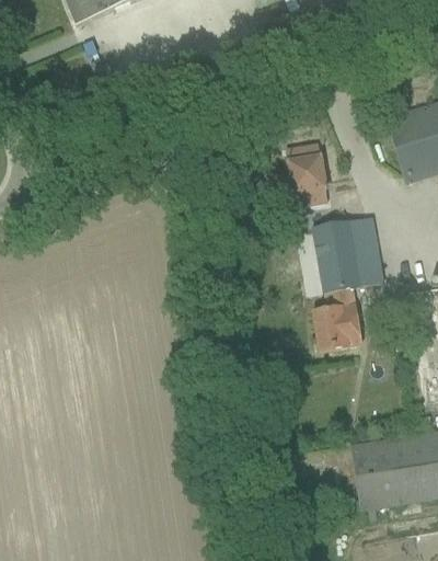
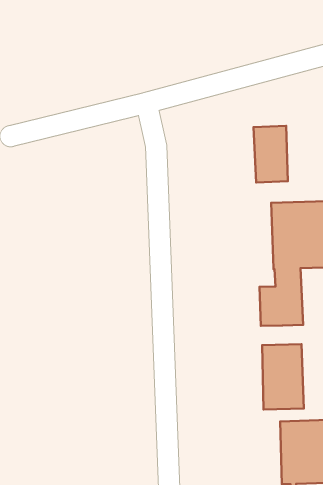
building: none -> [262,344,304,410]

